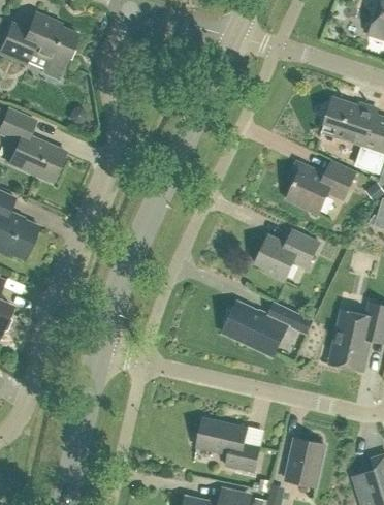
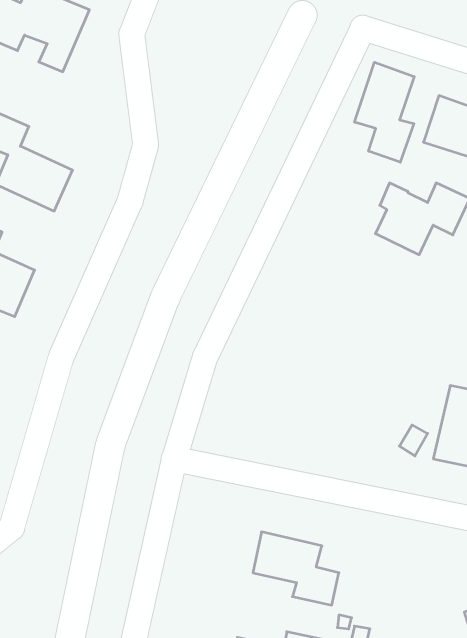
building: none -> [355,62,414,162]
building: [256,229,320,281] -> none
building: [223,301,313,356] -> none
building: [286,438,325,486] -> none

